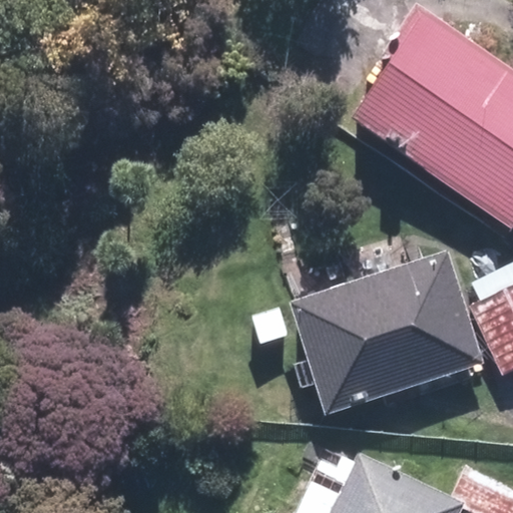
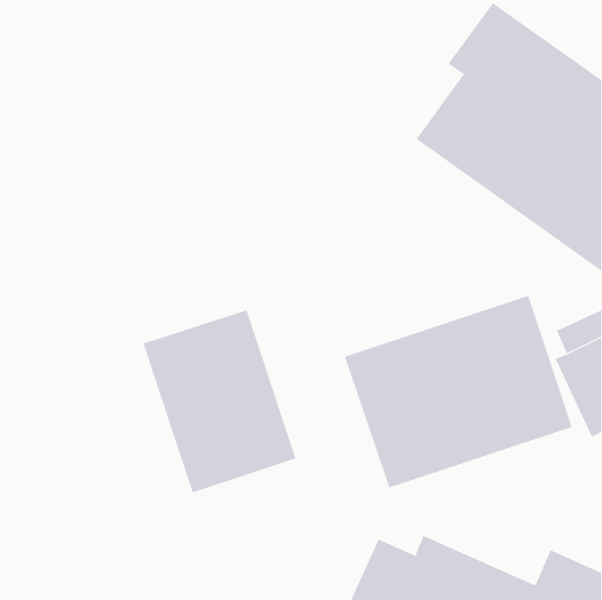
building: none -> [143,310,296,493]

